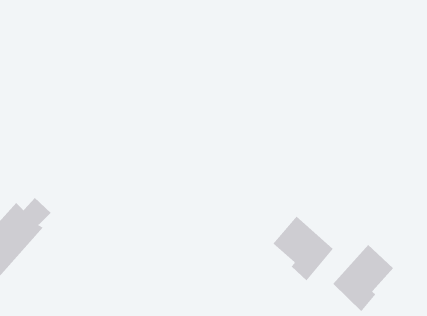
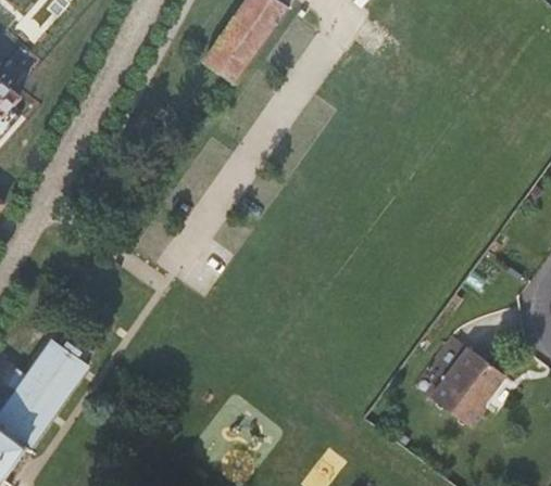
building: [272,216,333,281] -> none

